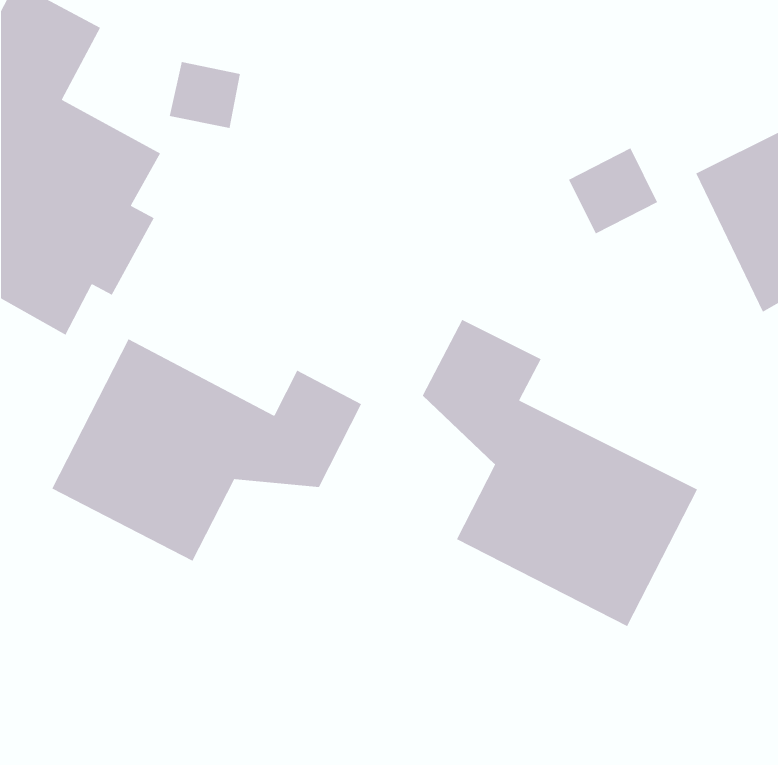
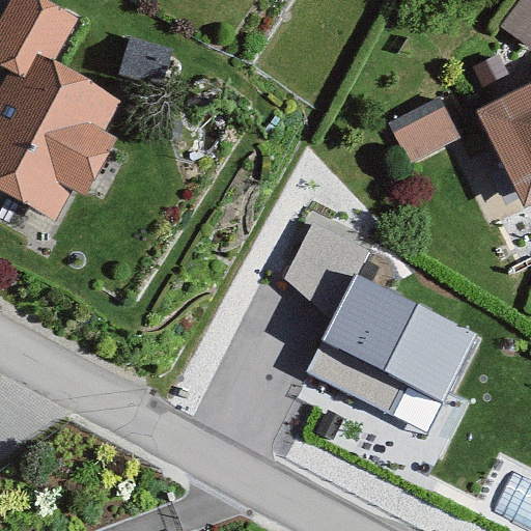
building: [51,338,362,562] -> none

